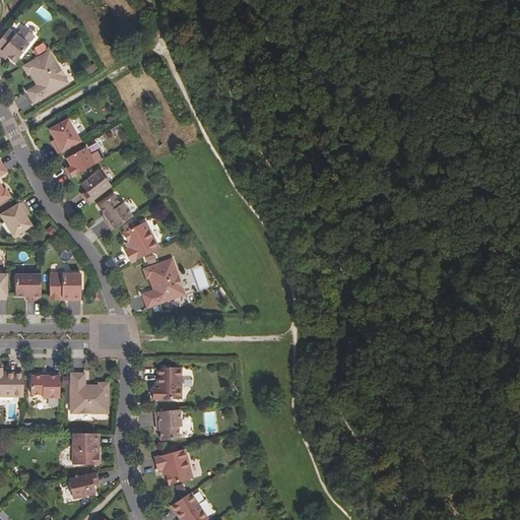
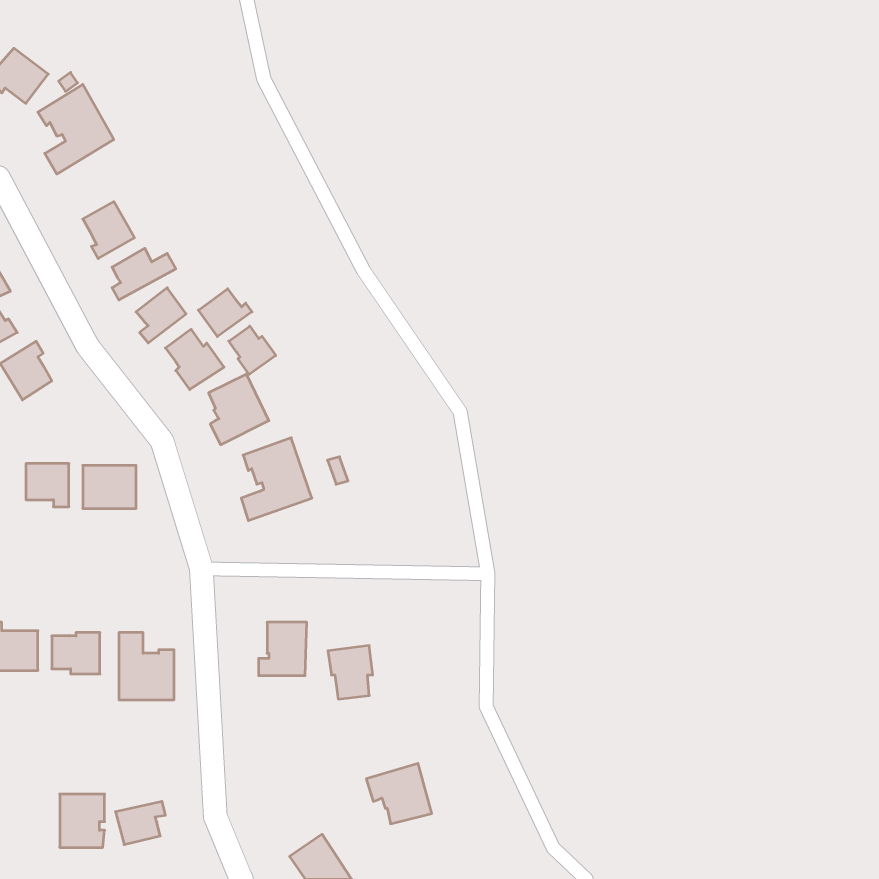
building: none -> [198,289,252,337]
building: none -> [229,326,276,374]
building: [154,408,181,440] -> [328,646,373,699]
building: [72,433,99,464] -> [60,794,105,847]
building: [153,448,192,483] -> [366,763,432,824]

